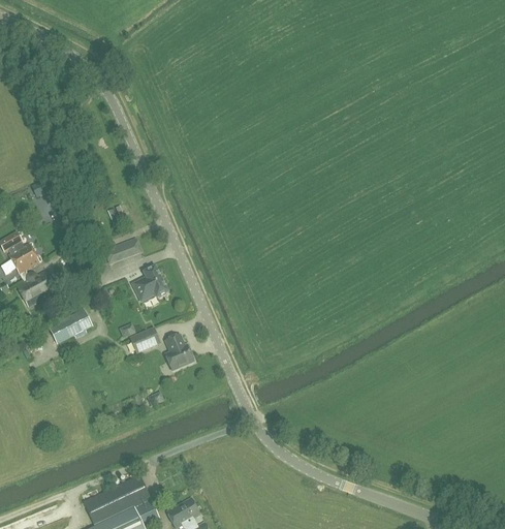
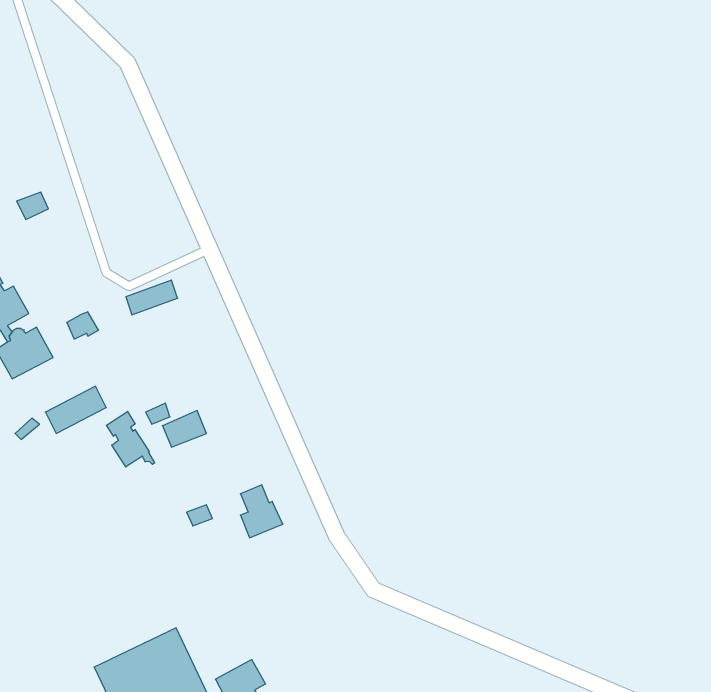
building: [132,266,167,301] -> none
building: none -> [106,411,155,467]
building: [164,334,193,370] -> [240,485,283,538]

